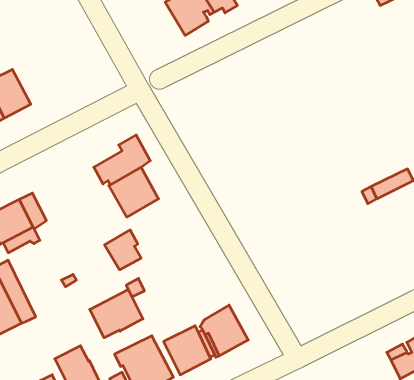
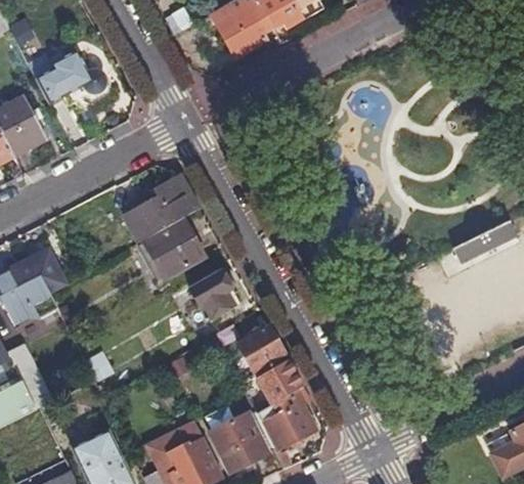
building: none -> [37,51,105,104]
building: [105,230,141,270] -> [190,270,235,319]
building: none -> [230,326,277,371]
building: none -> [242,360,292,405]
building: [90,289,143,338] -> none

